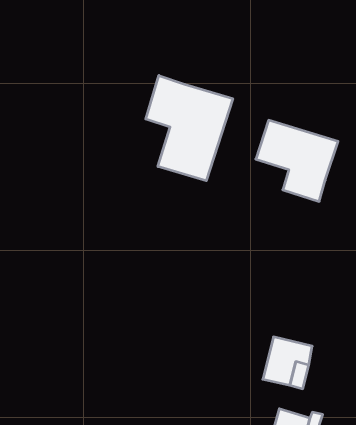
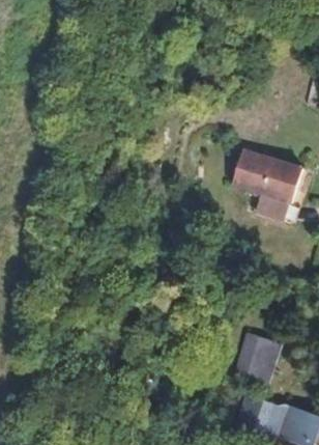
building: [146,75,233,181] -> none

